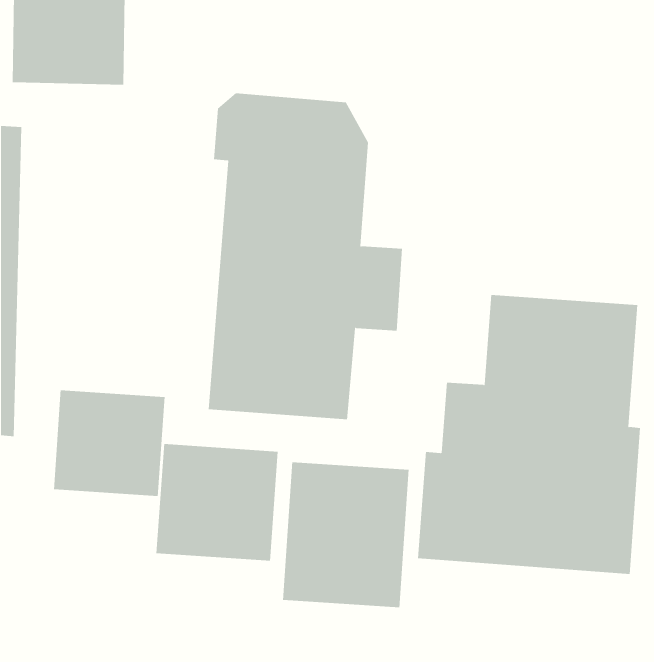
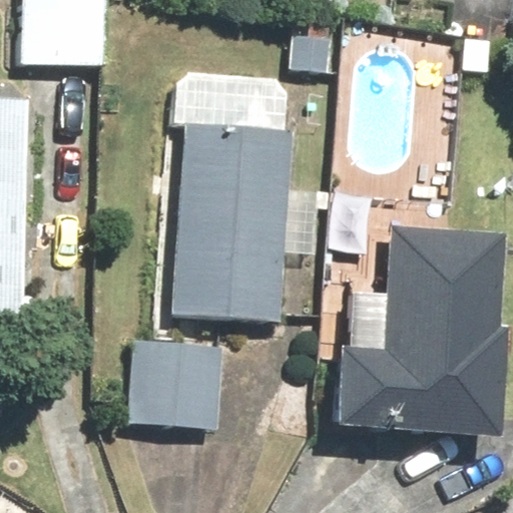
building: [53,390,165,497] -> none
building: [282,462,409,608] -> none

